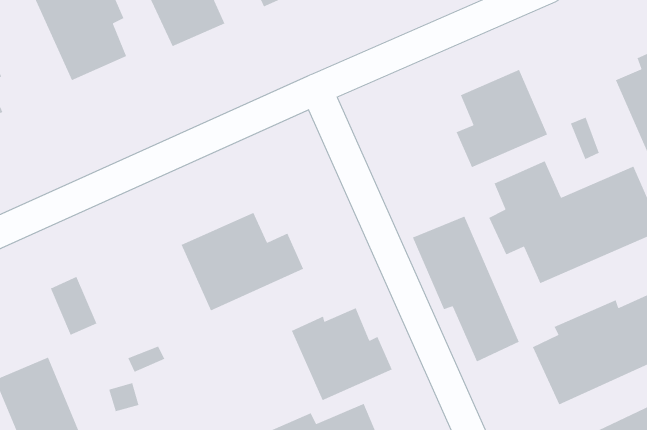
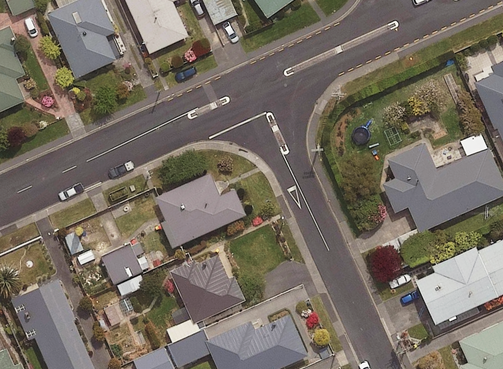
building: [456,69,548,168] -> none
building: [412,215,520,362] -> none
building: none -> [101,242,139,280]
building: [291,307,393,401] -> [170,257,245,326]

